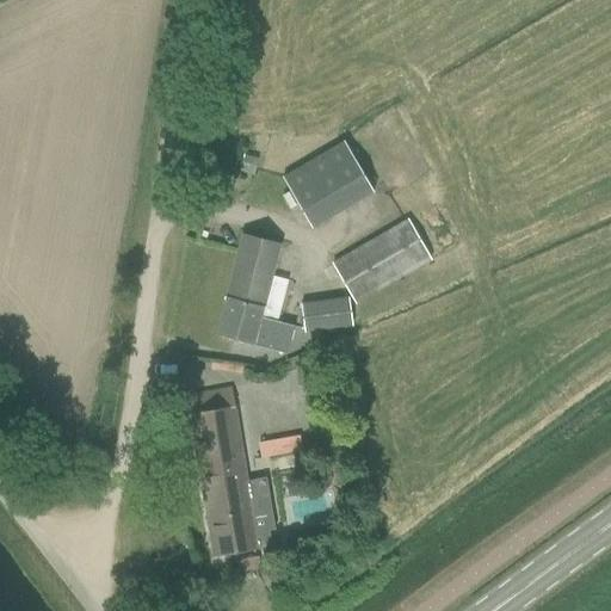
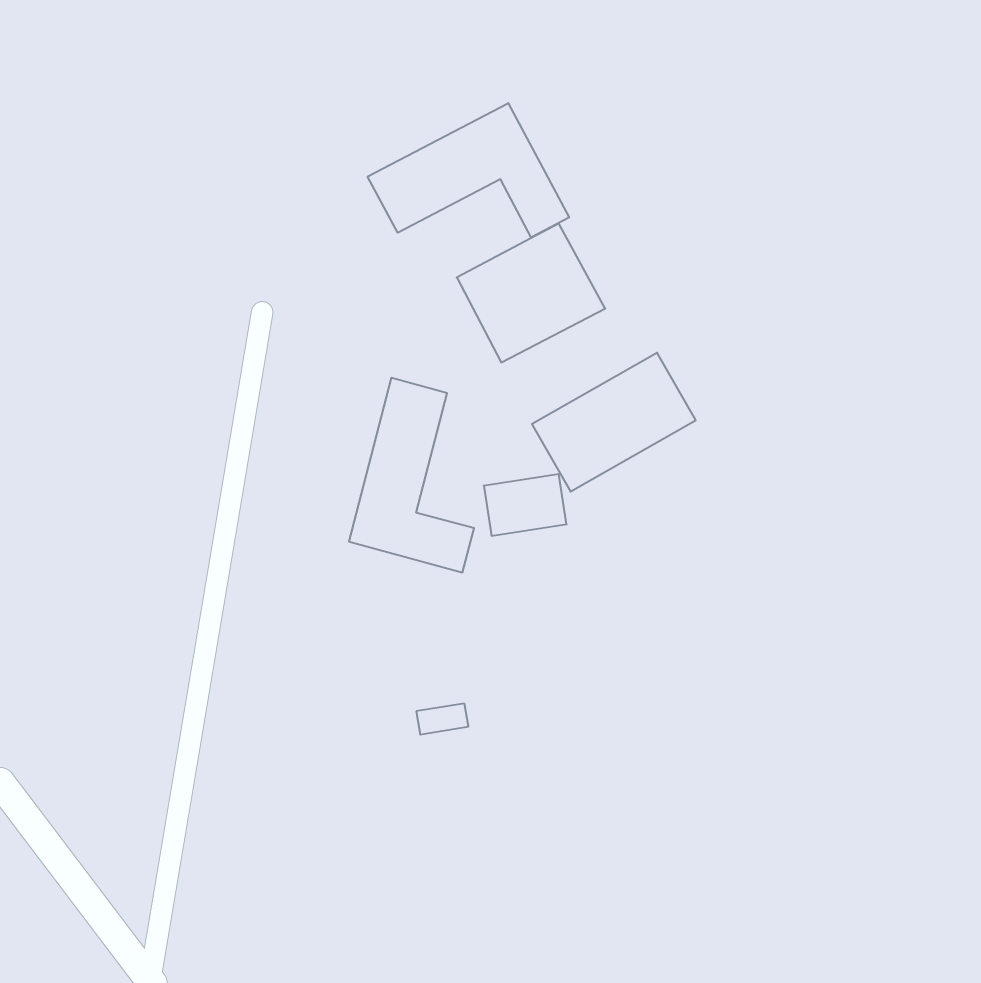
building: none -> [368,103,569,237]
building: [190,389,271,556] -> none

